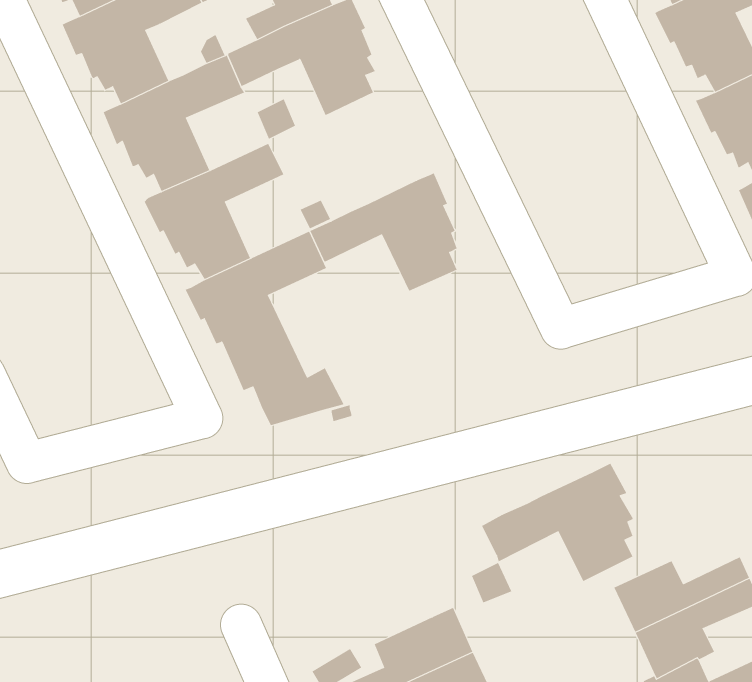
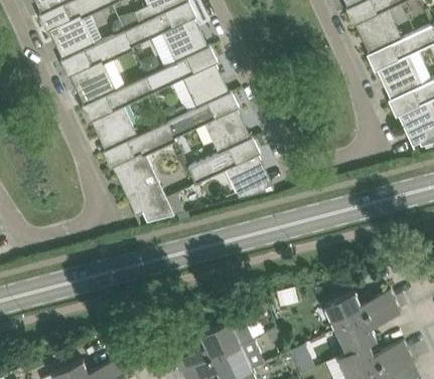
building: none -> [146,47,223,113]
building: none -> [188,138,267,199]
building: [480,463,633,582] -> none

